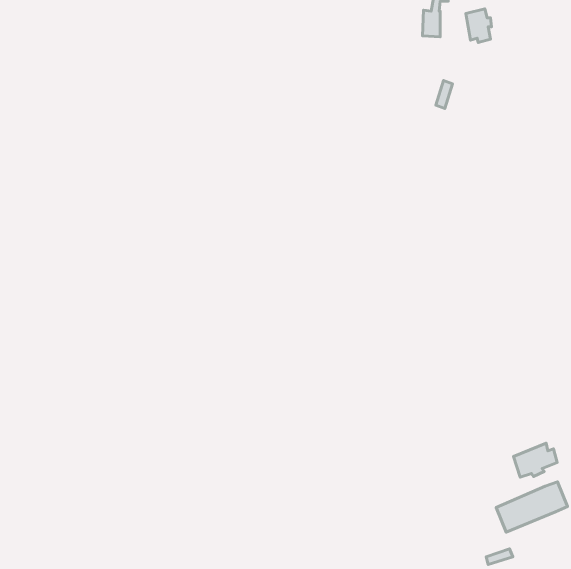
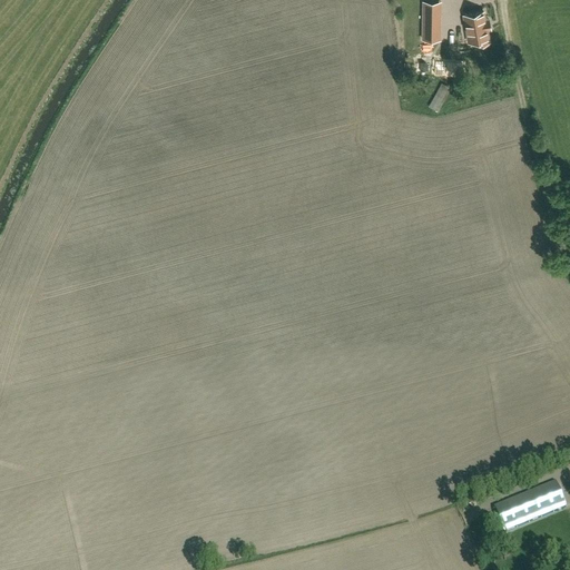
building: [513,443,557,477] -> none

